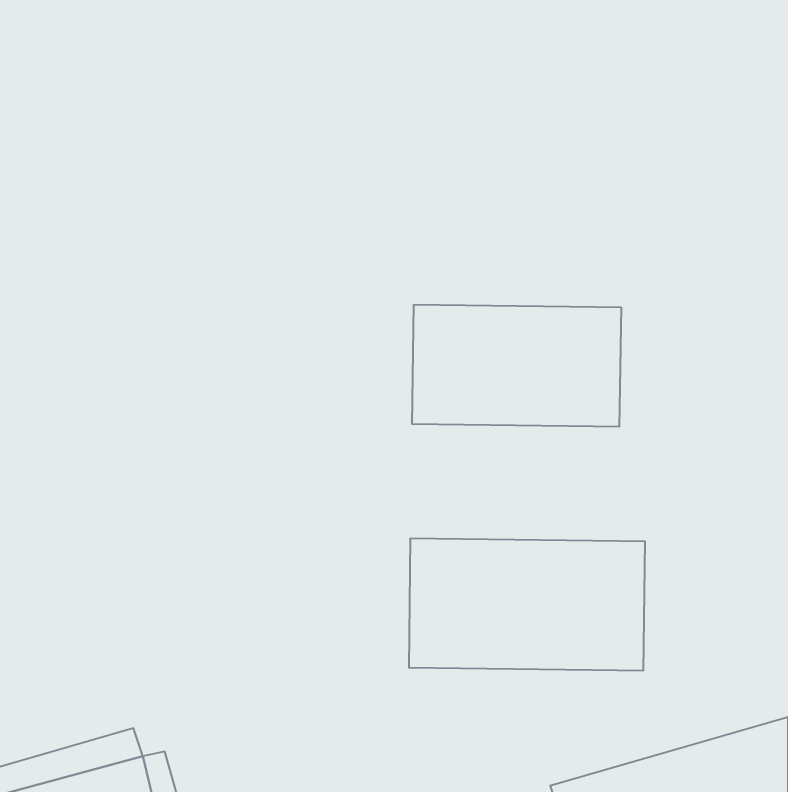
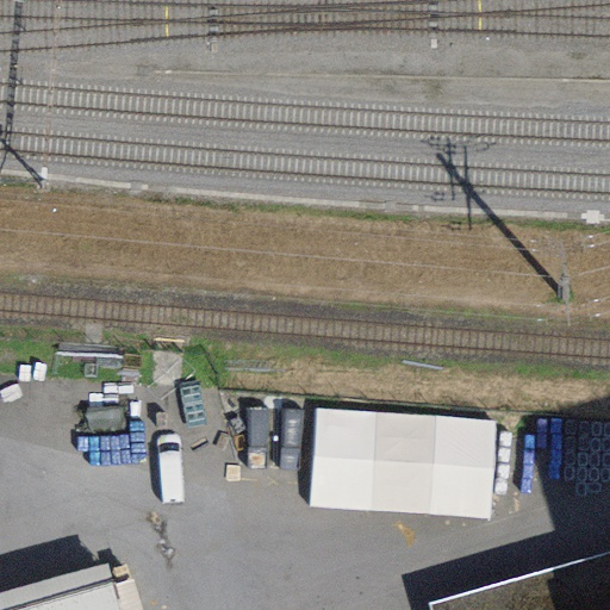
building: [412,305,621,427] -> none

